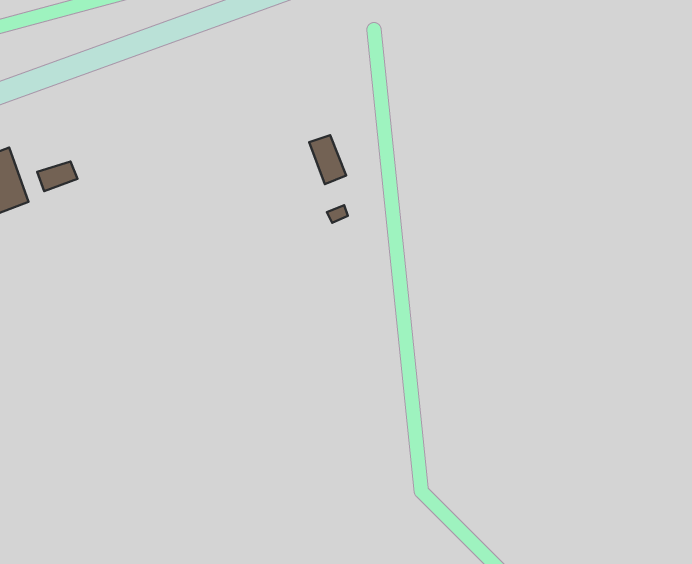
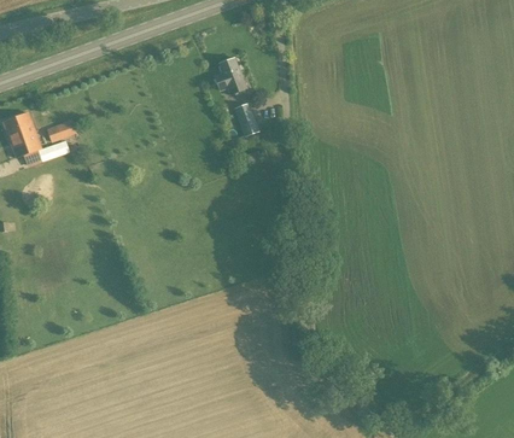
building: none -> [214,58,245,93]

